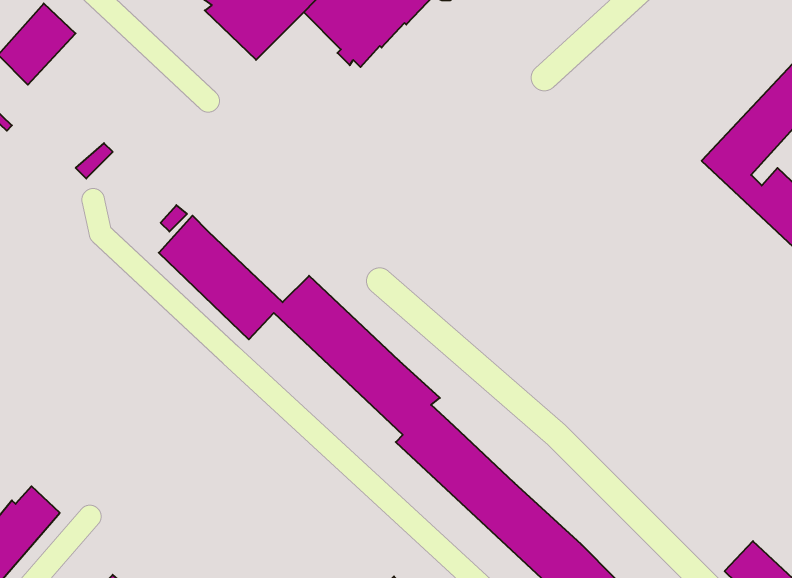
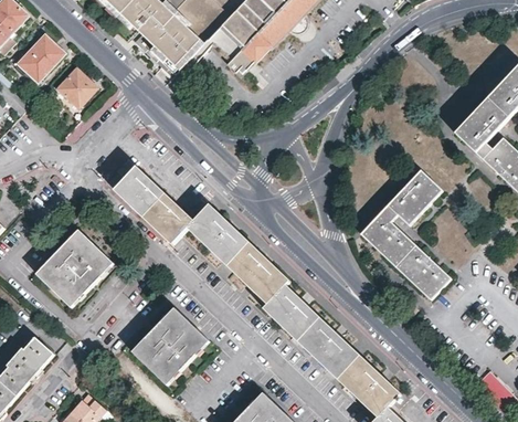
building: none -> [56,67,96,107]
building: none -> [360,169,451,299]
building: none -> [36,229,113,306]
building: none -> [130,307,208,384]

